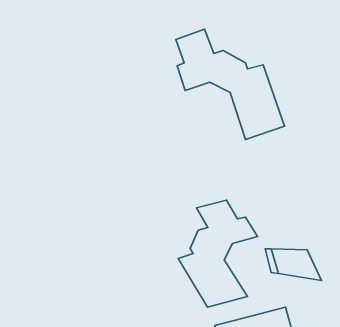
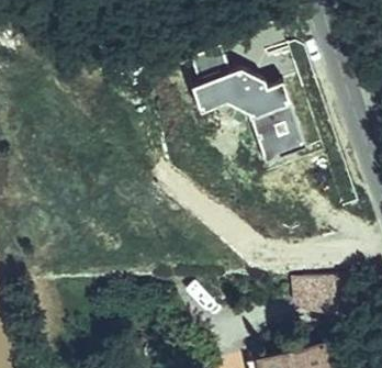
building: [178,200,258,307] -> none

